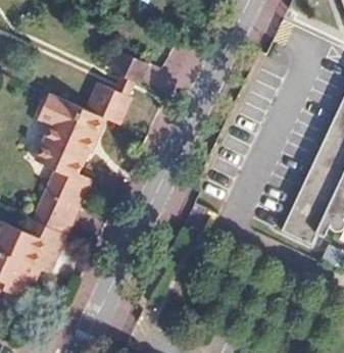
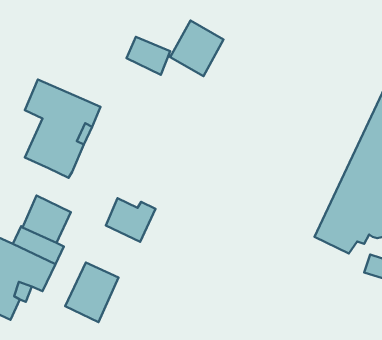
building: [83,83,126,123] -> none
building: [44,170,87,208] -> [106,198,155,242]
building: none -> [65,263,118,322]

